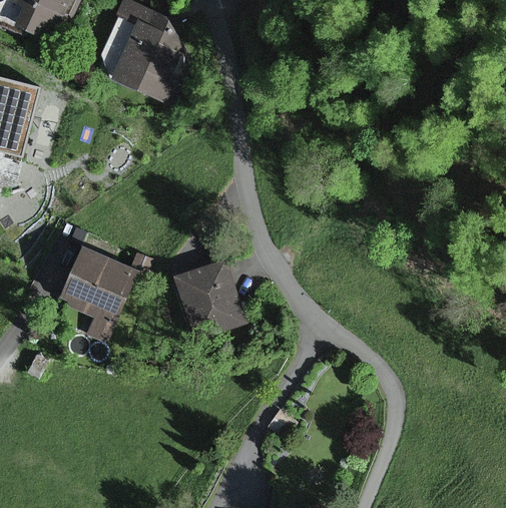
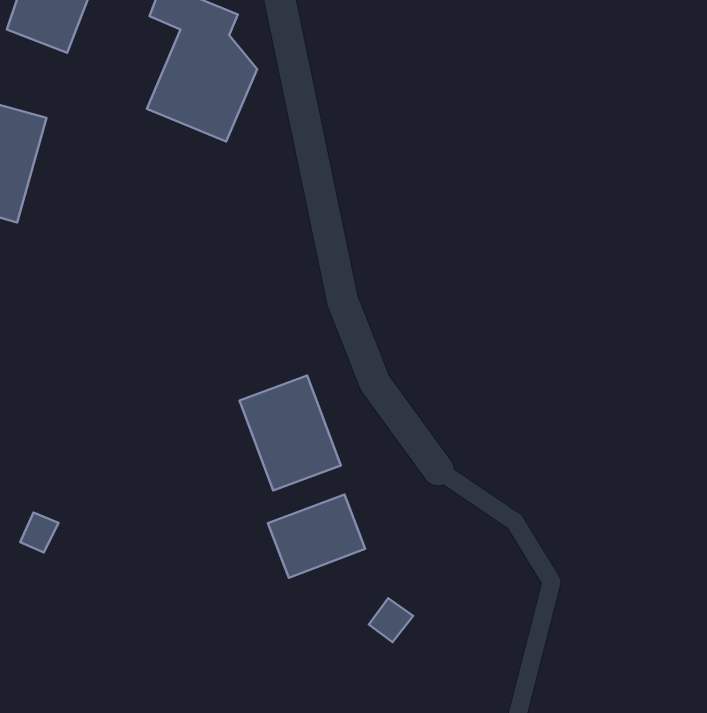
building: [57,246,151,344] -> none
building: none -> [268,494,365,578]

